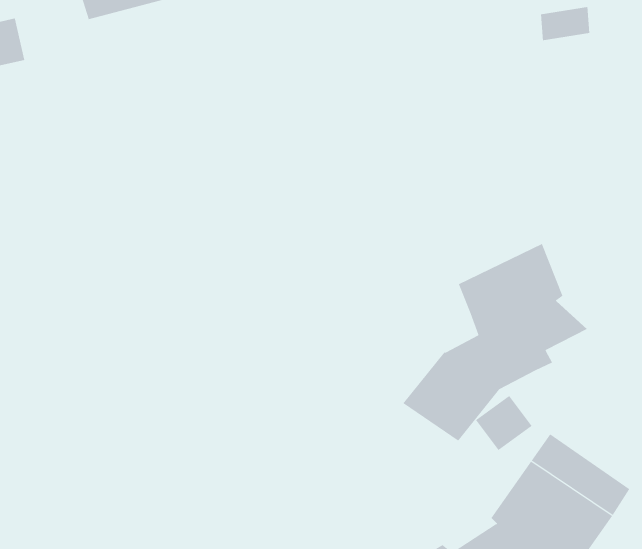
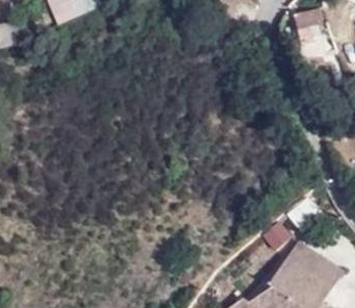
building: [403,243,588,441] -> none

